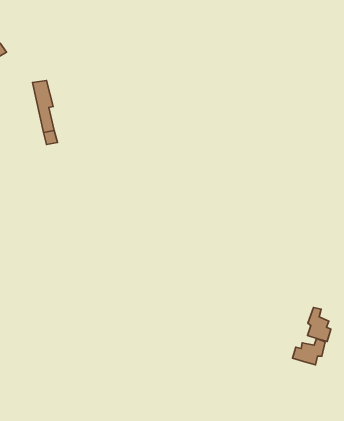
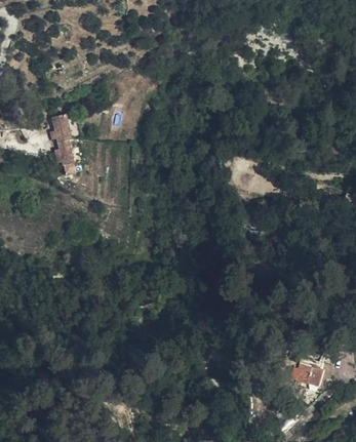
building: [308,307,331,342] -> none

